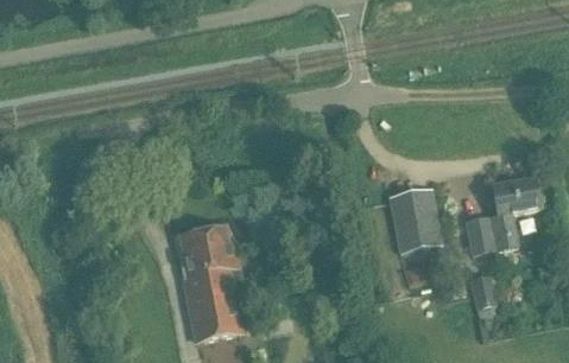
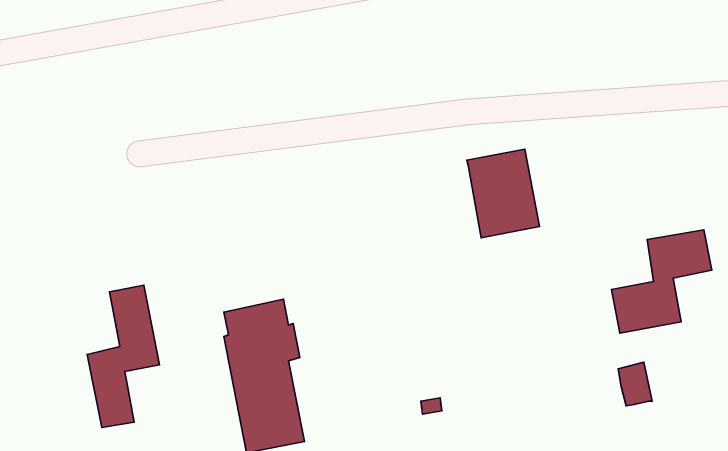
building: [390,186,443,251] -> [467,149,539,238]
building: none -> [87,285,159,428]

